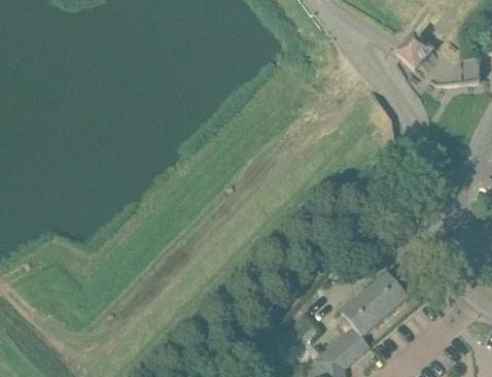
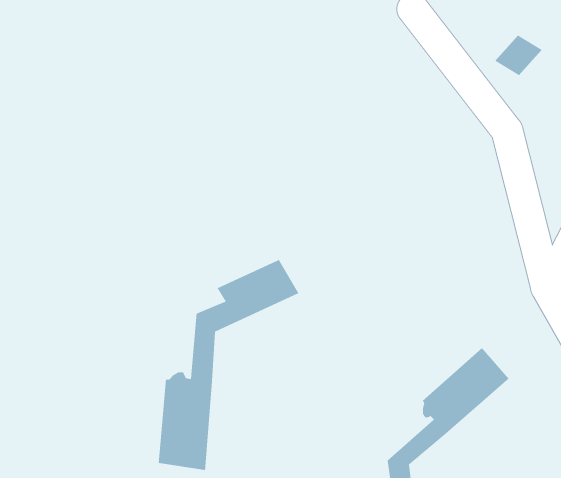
building: none -> [158,259,299,471]

